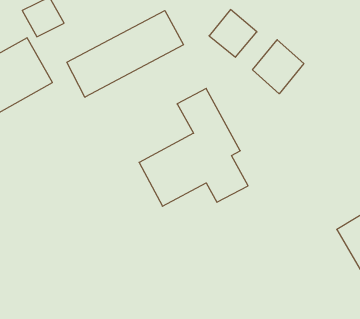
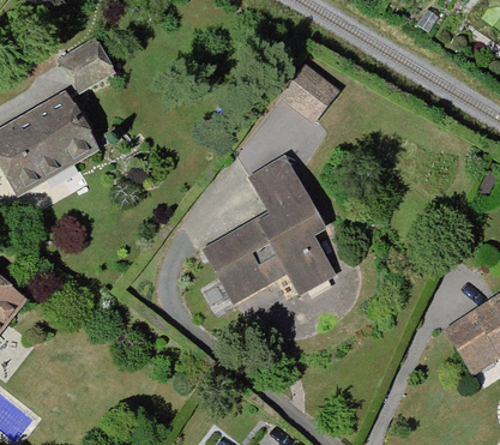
building: [67,11,183,97] -> none
building: [253,40,304,94] -> none

